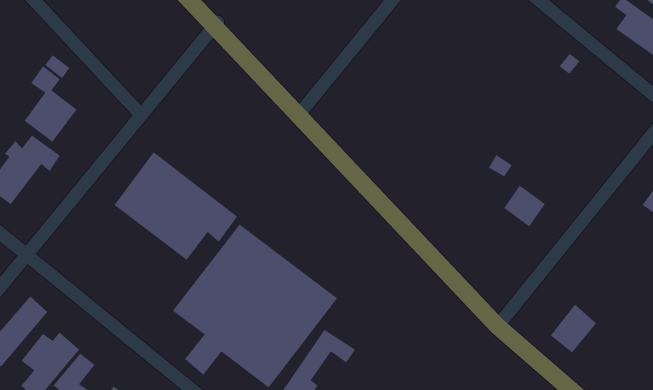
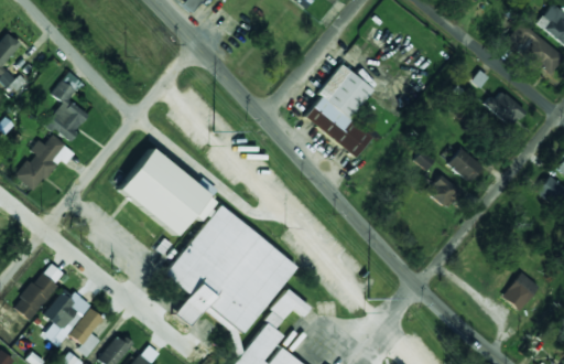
building: none -> [304,64,372,157]
building: none -> [485,90,527,127]
building: none -> [447,148,482,181]
building: [550,304,597,354] -> [502,271,540,311]

